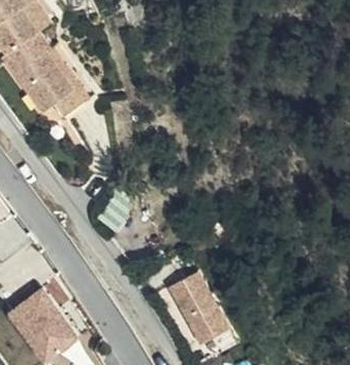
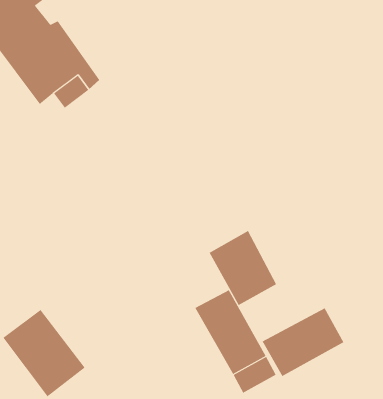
building: none -> [209,230,277,306]
building: none -> [262,308,344,377]

